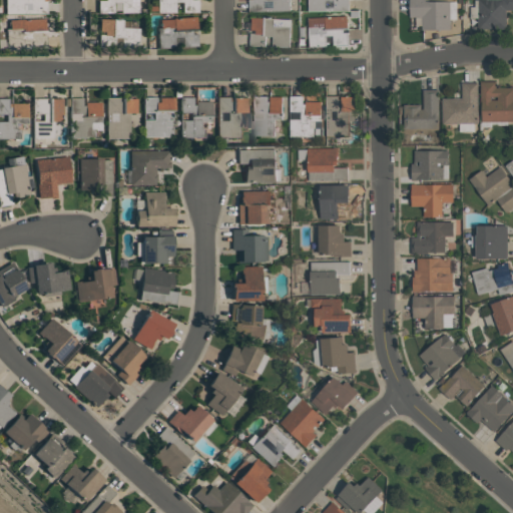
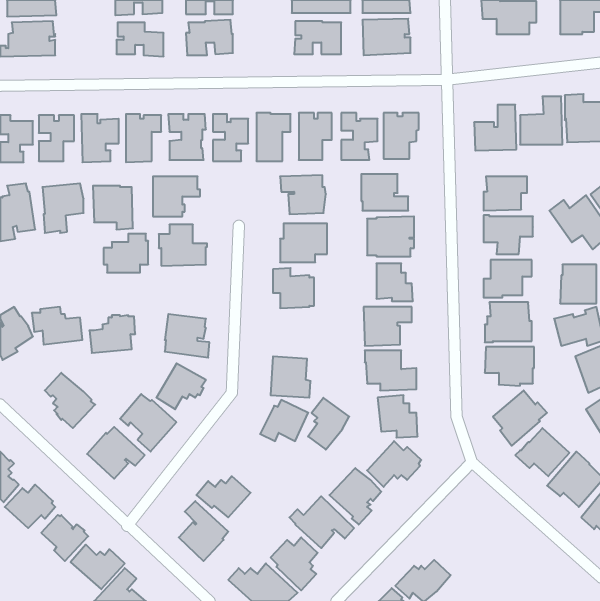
building: [137,229,175,263] -> [104,234,148,273]
building: [234,267,264,301] -> none
building: [207,372,242,416] -> [308,398,349,450]

